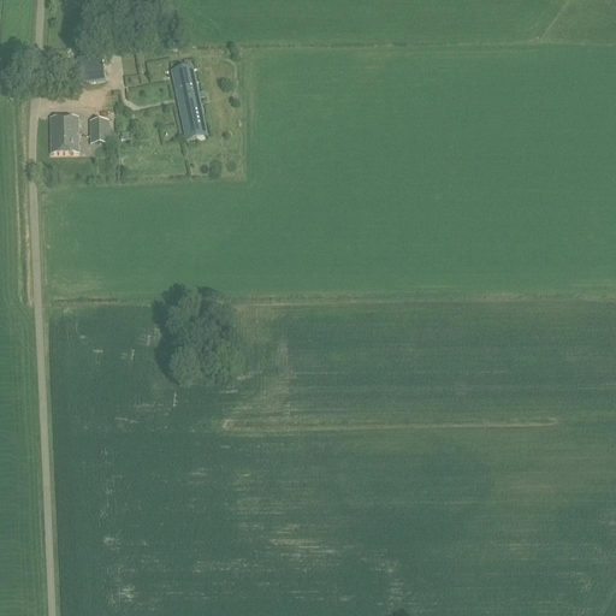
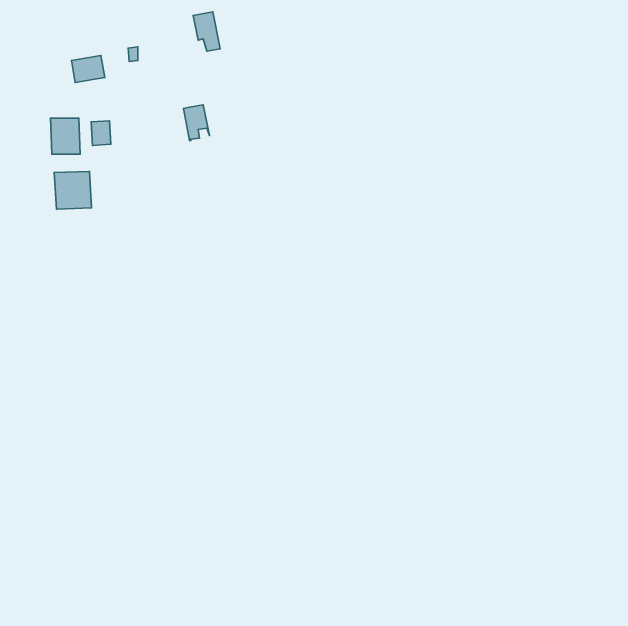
building: [172,66,199,105] -> [193,12,220,51]
building: none -> [54,171,92,209]

